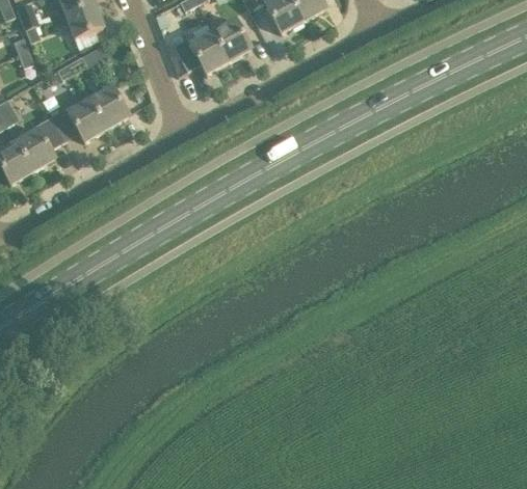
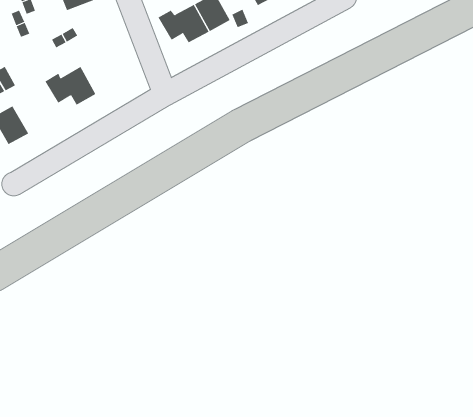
building: [89,85,129,128] -> none
building: [16,114,64,170] -> none

